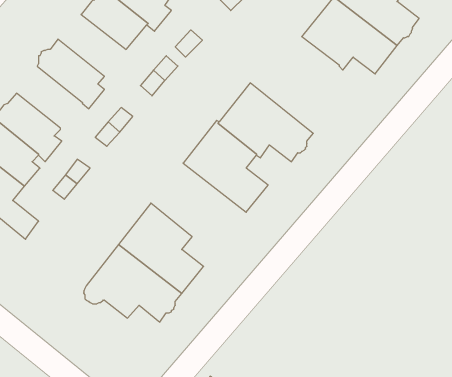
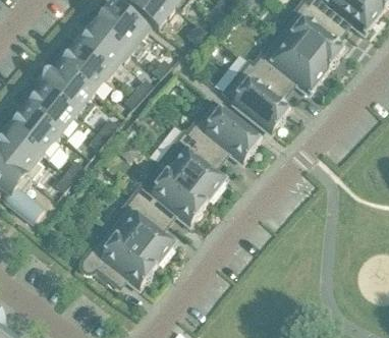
building: none -> [57,46,111,95]
building: none -> [219,58,288,132]
building: none -> [24,87,76,140]
building: none -> [130,163,206,224]

